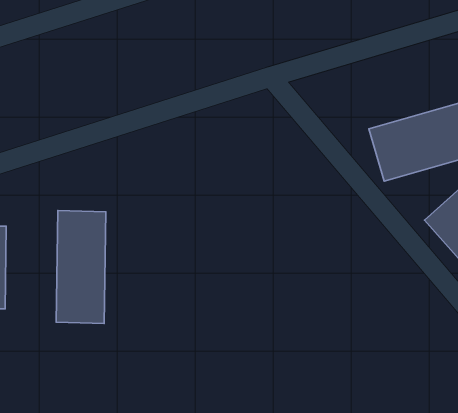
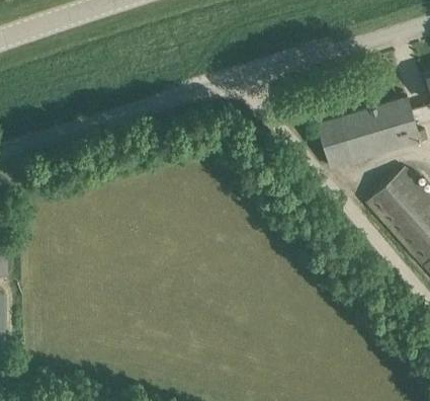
building: [56,211,106,323] -> none

